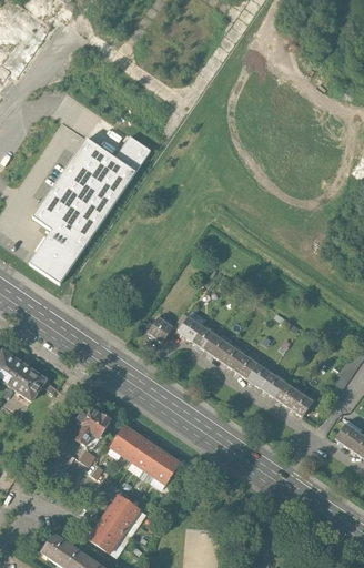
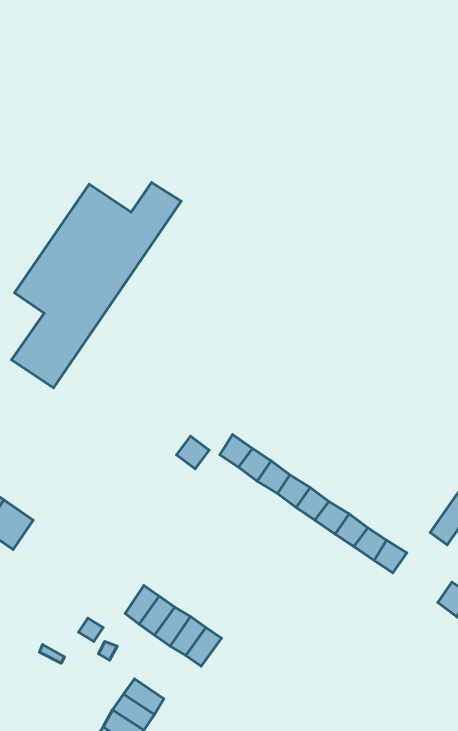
building: [74,407,110,444] -> none

